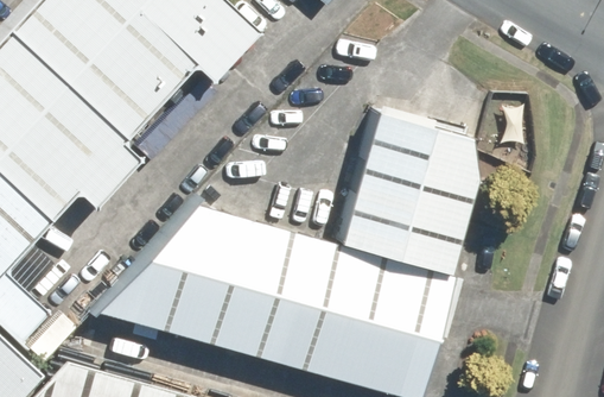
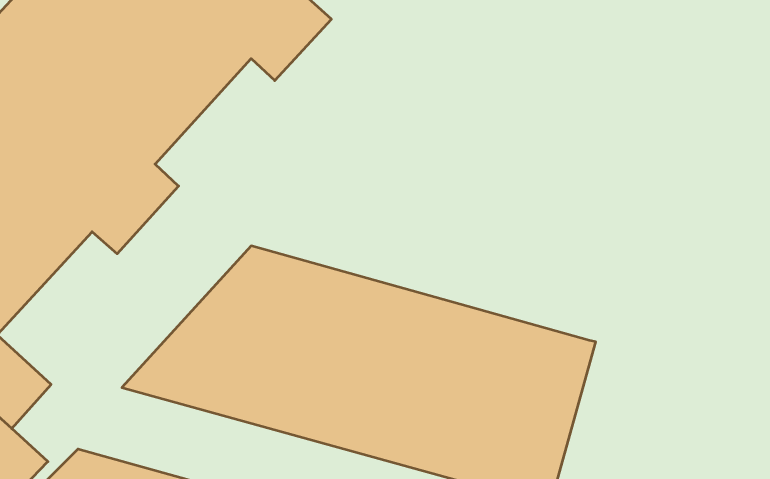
building: [342,112,478,278] -> none

